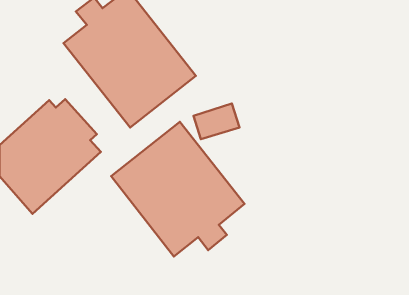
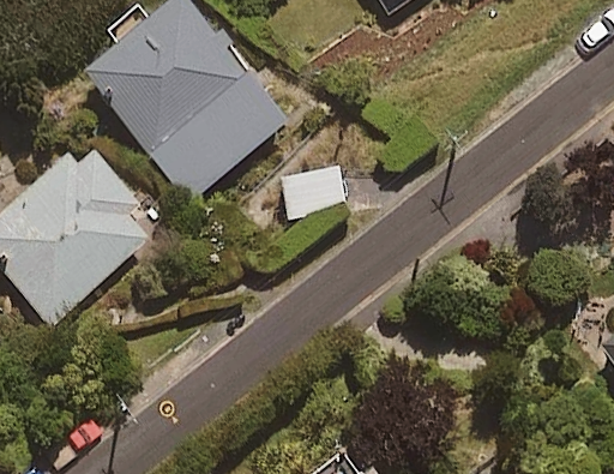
building: [111,122,244,256] -> none

